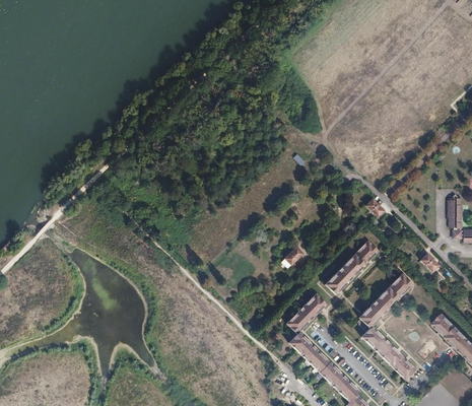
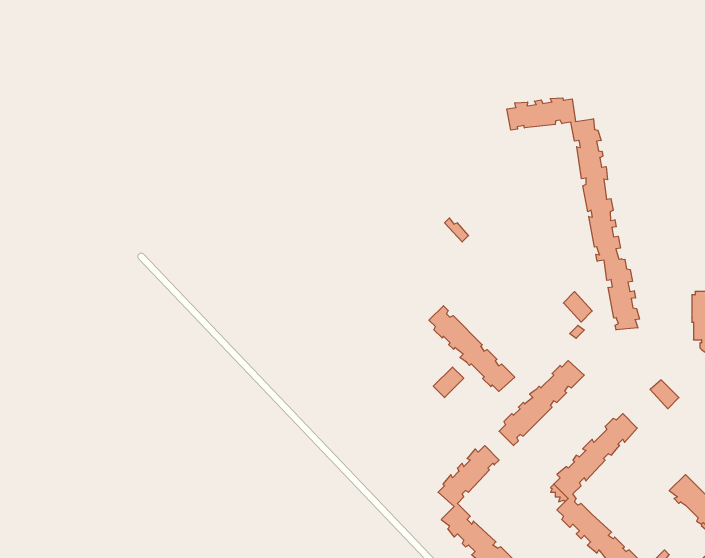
building: none -> [507,98,640,330]
building: none -> [429,306,515,391]

